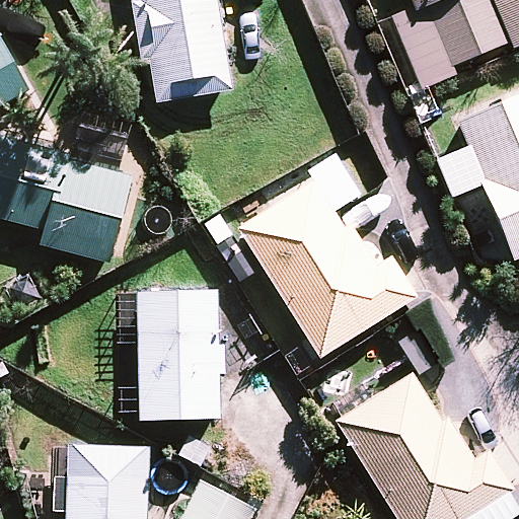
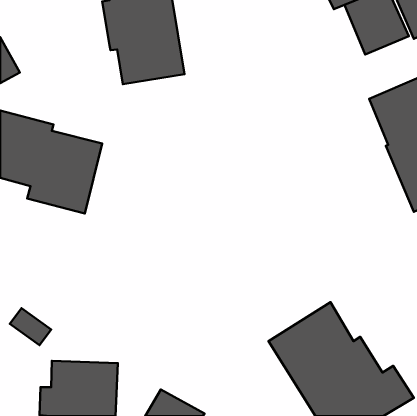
building: [239,180,419,357] -> none
building: [138,291,225,420] -> none

